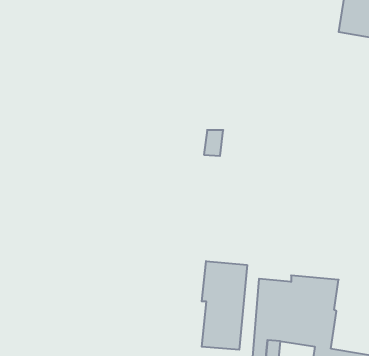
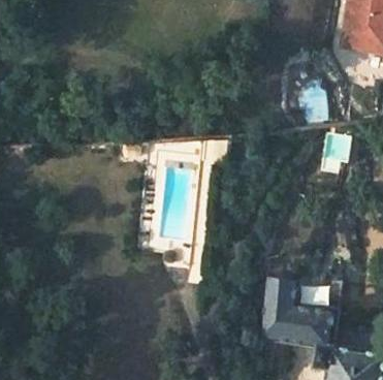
building: [202,261,247,350] -> none

